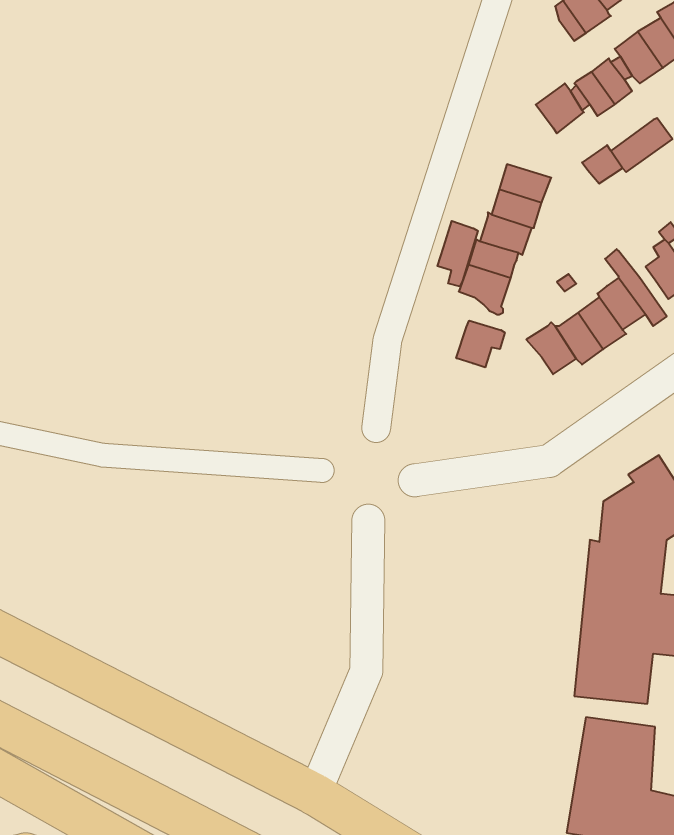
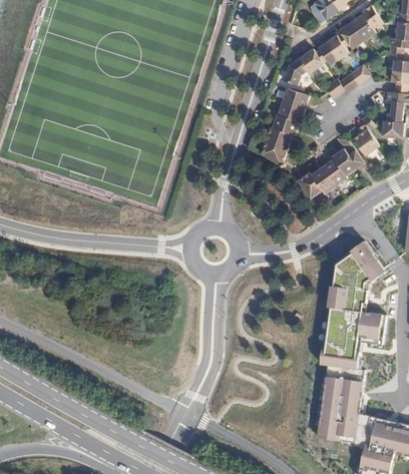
building: none -> [287,56,310,84]
building: [437,221,478,287] -> none
building: [456,321,505,367] -> none

